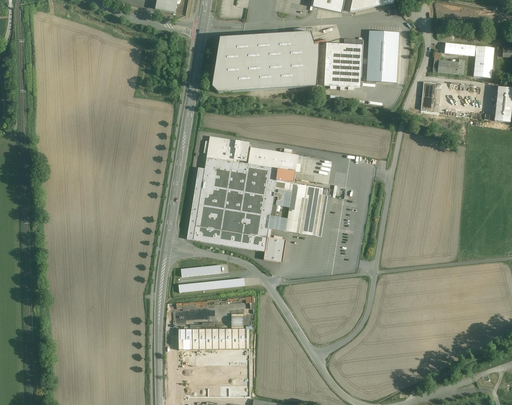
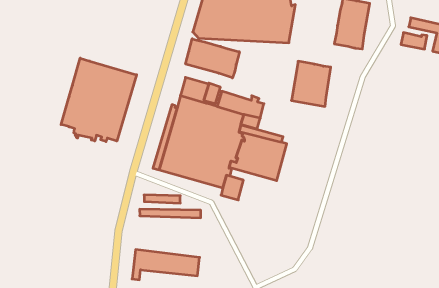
building: [324,42,362,87] -> [291,61,331,106]
building: none -> [186,39,239,78]
building: none -> [61,58,137,142]

